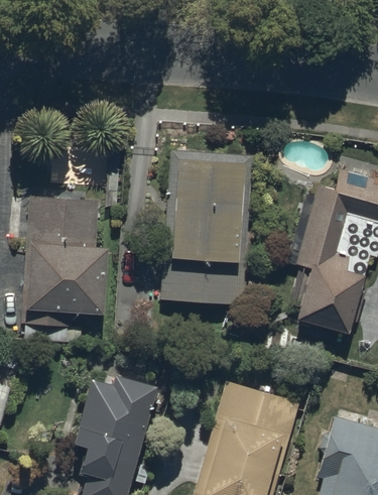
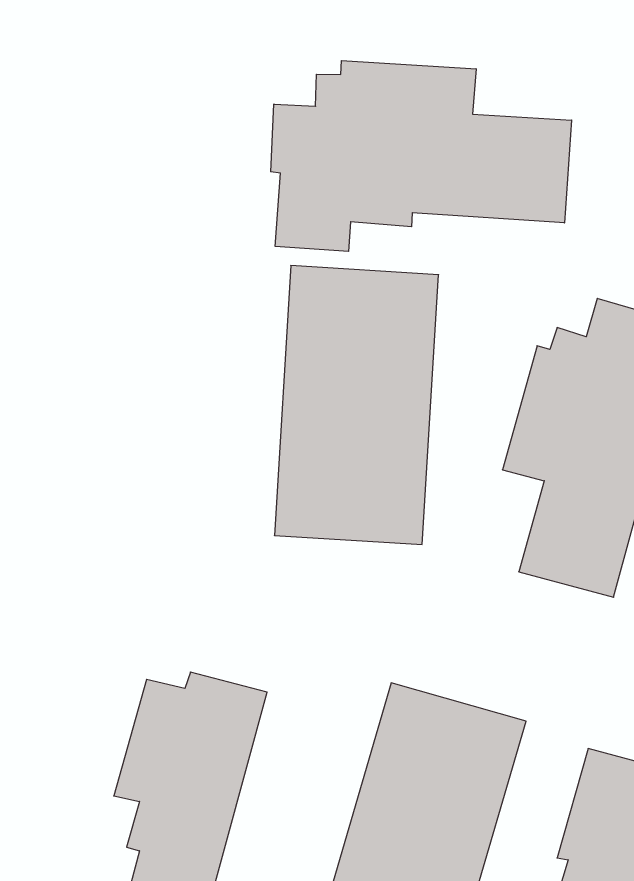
building: none -> [271,61,572,251]
building: [20,198,107,328] -> none

